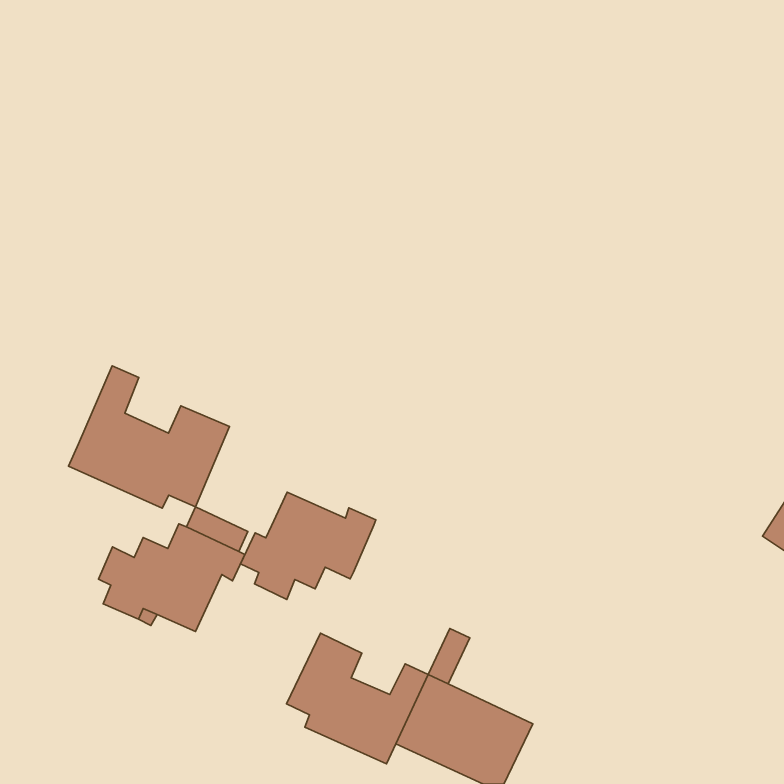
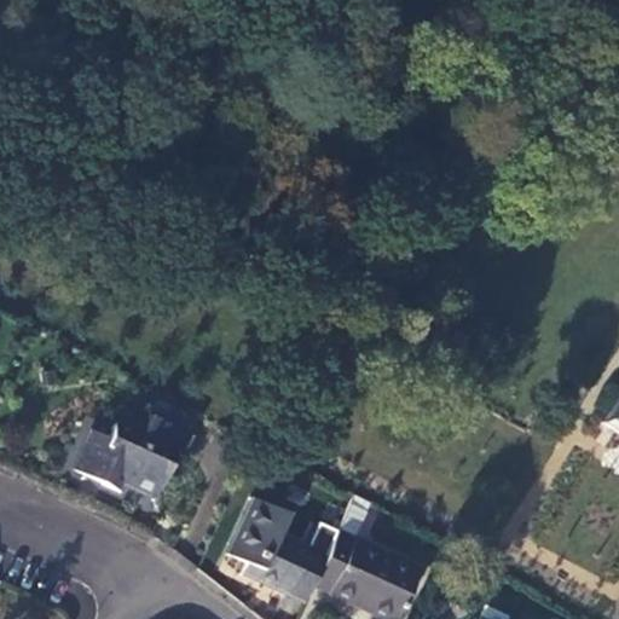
building: [69,366,230,508] -> none
building: [241,492,376,599] -> none

